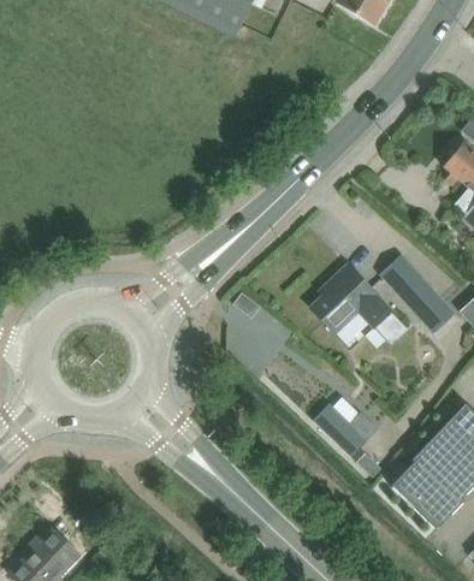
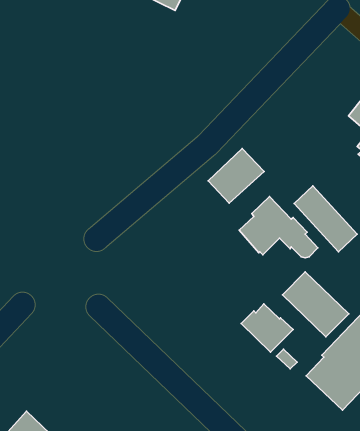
building: none -> [208,148,264,203]
building: none -> [282,272,349,337]

